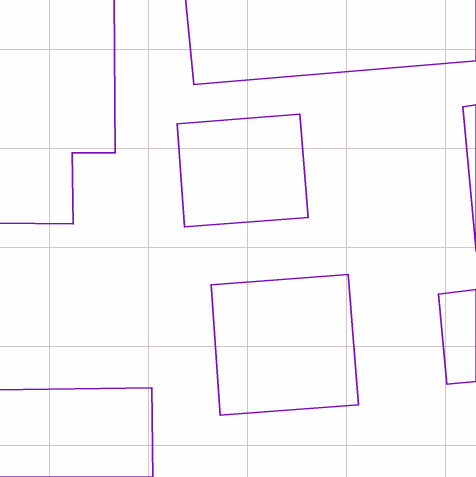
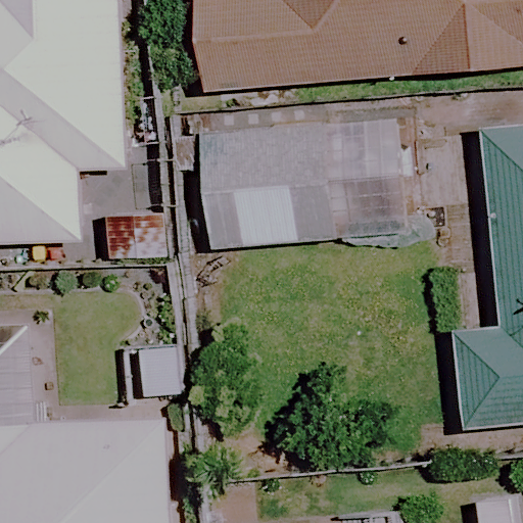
building: [211,274,358,415] -> none

